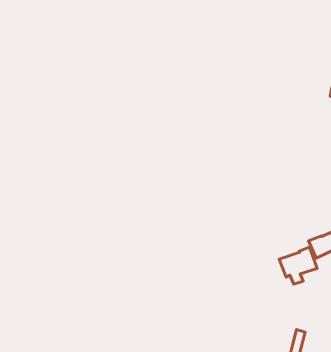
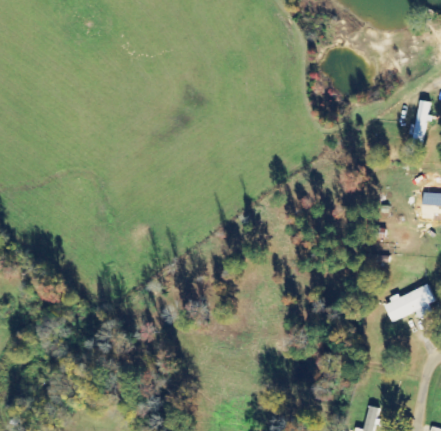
building: [279,247,317,284] -> none

